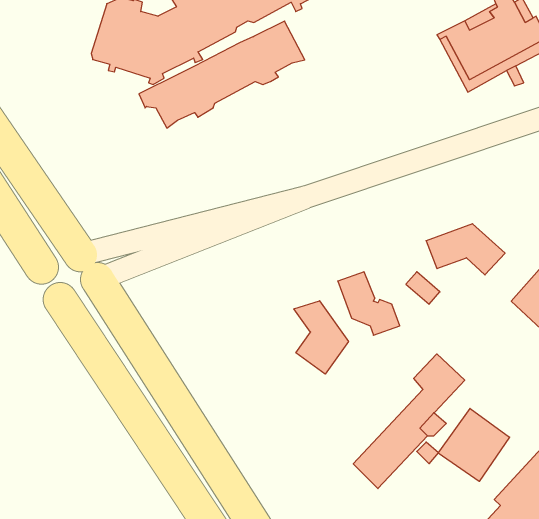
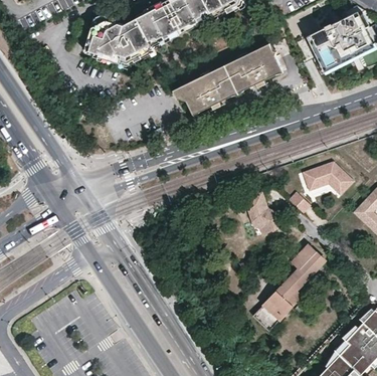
building: [139,21,305,128] -> [173,44,280,114]
building: [294,301,348,374] -> none
building: [438,408,510,481] -> none

